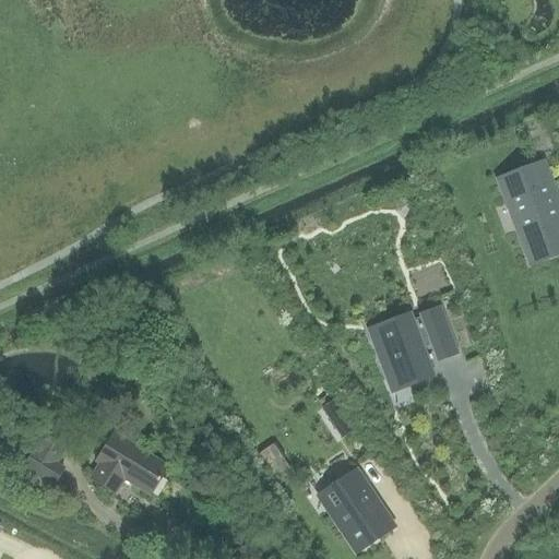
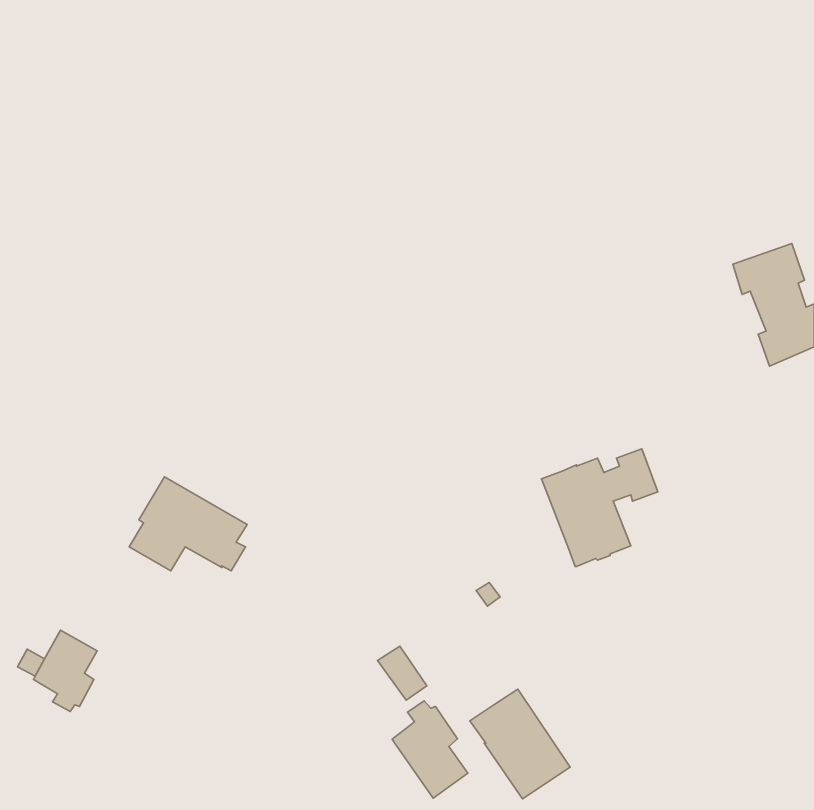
building: [87,431,168,496] -> [129,477,247,571]
building: none -> [392,701,468,798]

